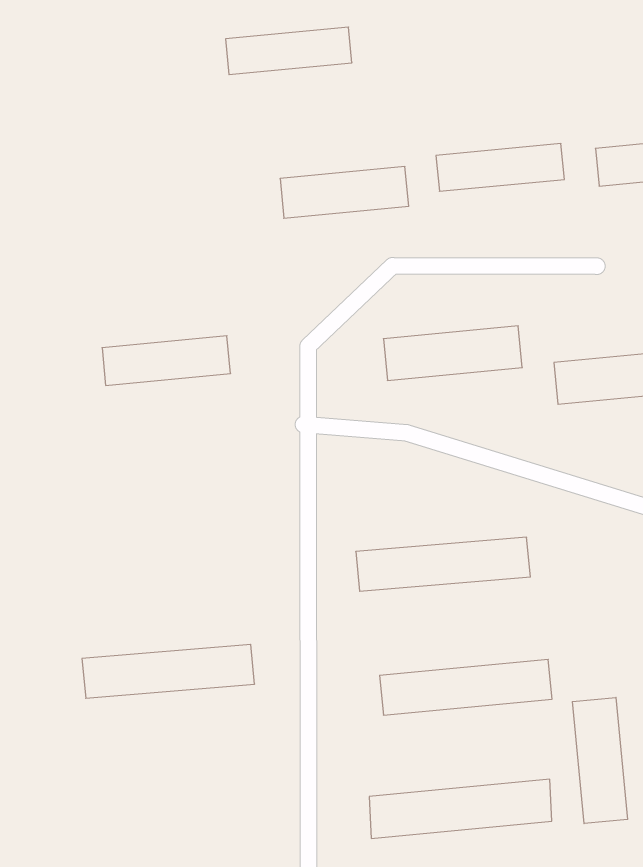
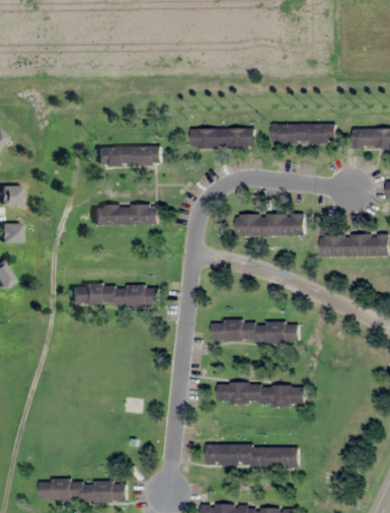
building: [226,27,352,75] -> [97,147,160,165]
building: [82,644,255,698] -> [72,285,158,306]
building: [572,697,628,824] -> none

